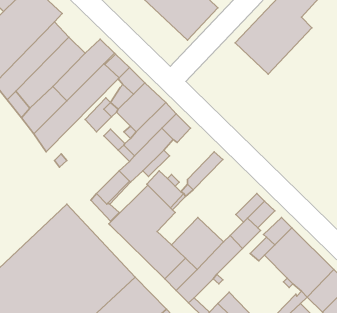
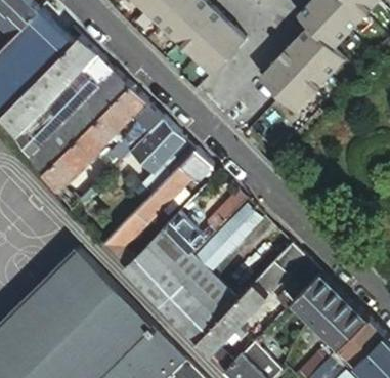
building: none -> [66,37,115,86]
building: none -> [176,206,262,293]

